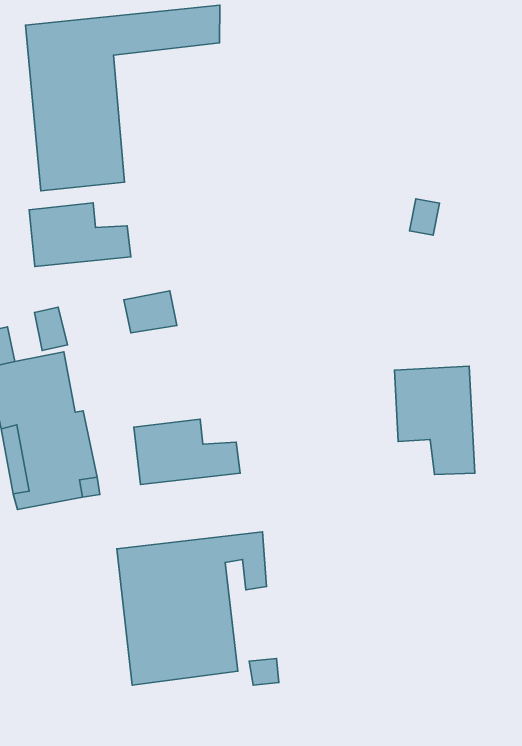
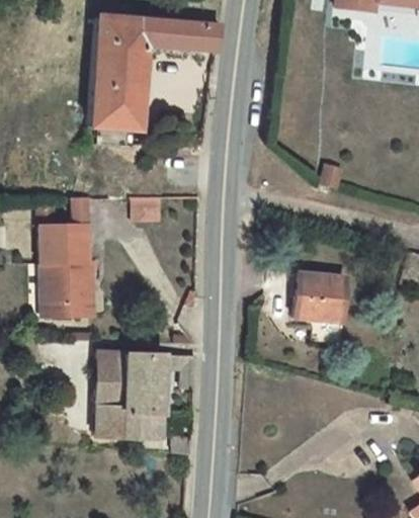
building: [29,203,131,266] -> none
building: [134,419,240,485] -> none

